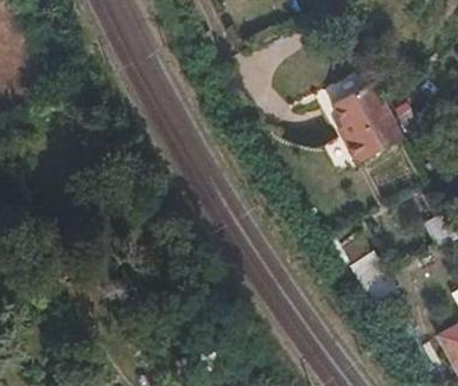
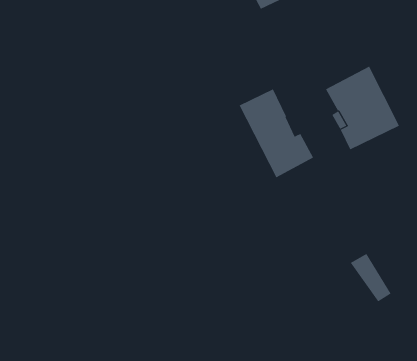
building: none -> [239,89,314,178]

